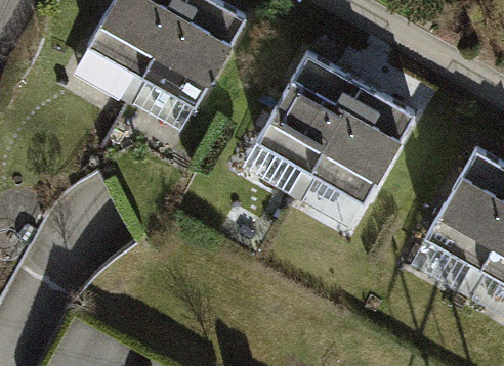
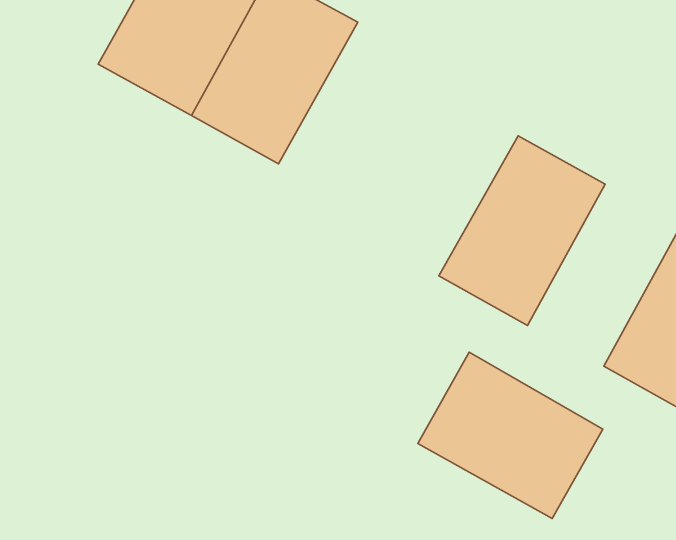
building: [247,64,360,190] -> none
building: none -> [418,352,603,518]

